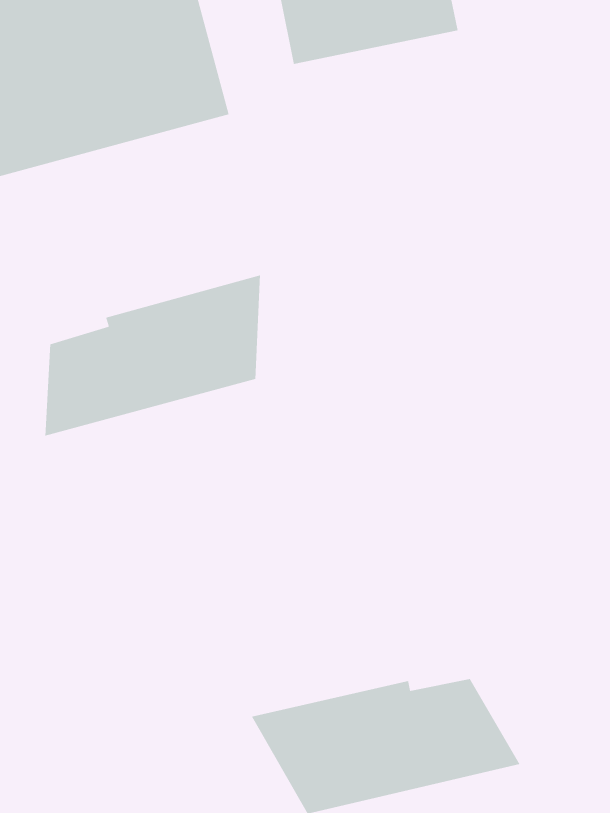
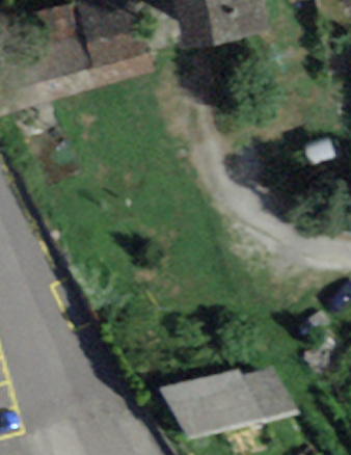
building: [45,274,261,437] -> none

